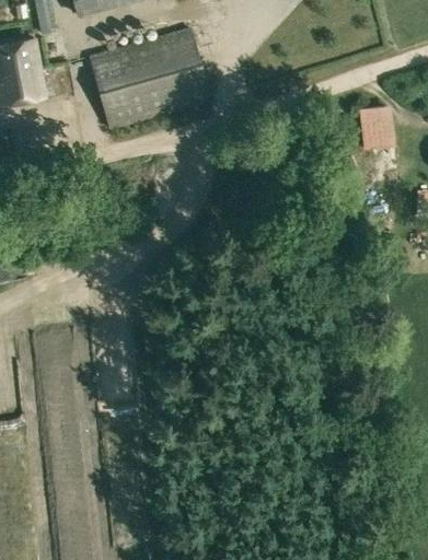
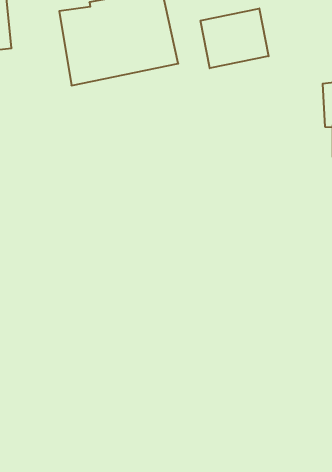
building: none -> [201,8,269,68]

